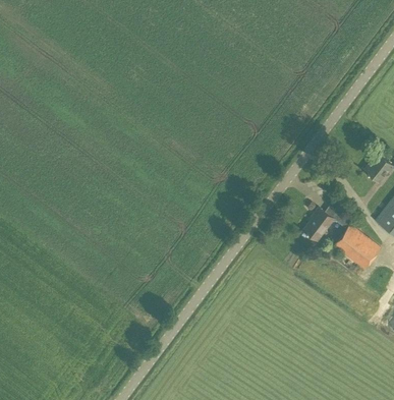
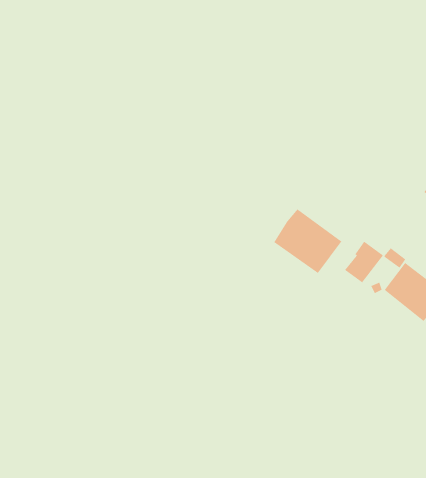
building: none -> [273,208,342,274]

